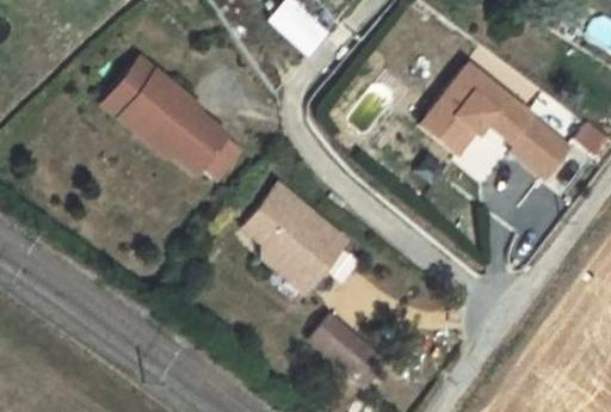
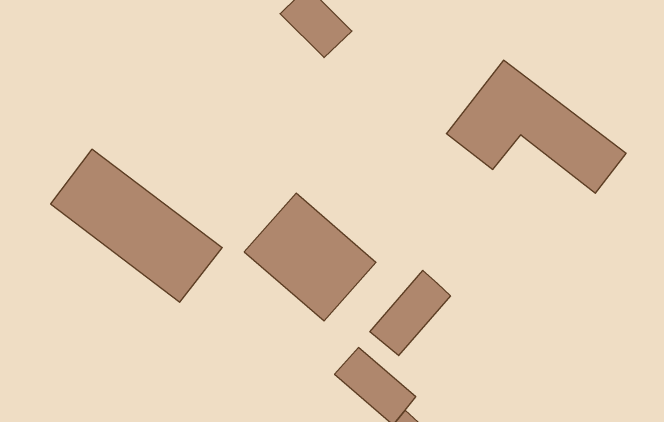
building: [98,55,252,192] -> [51,149,222,302]
building: none -> [370,270,450,356]

